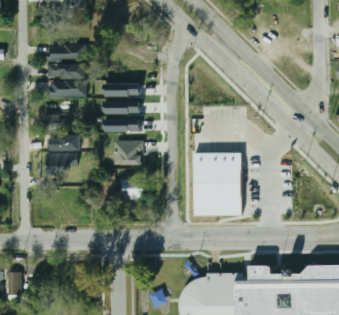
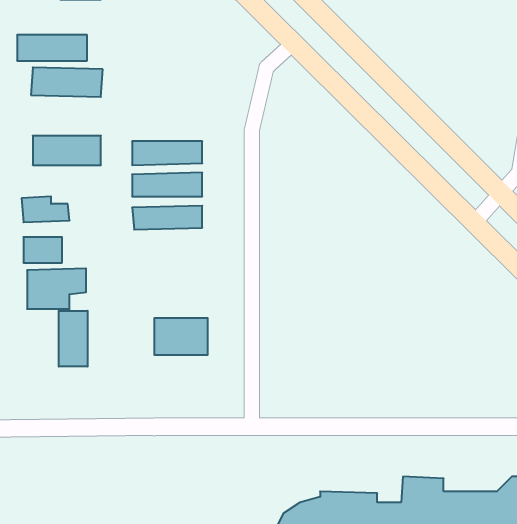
building: [46,64,84,78] -> [17,35,87,61]
building: [115,140,142,165] -> none
building: [195,154,242,215] -> none
building: none -> [59,311,88,367]

